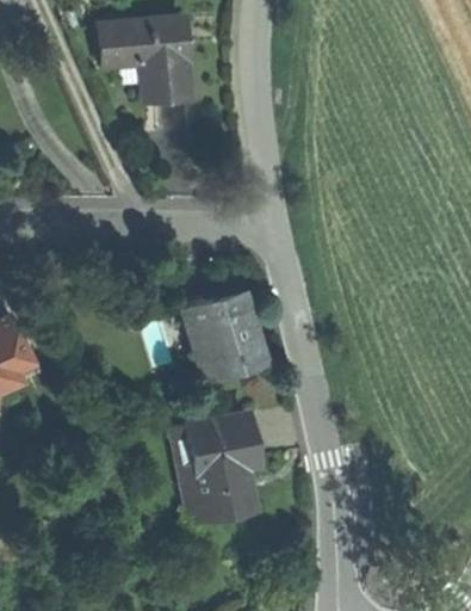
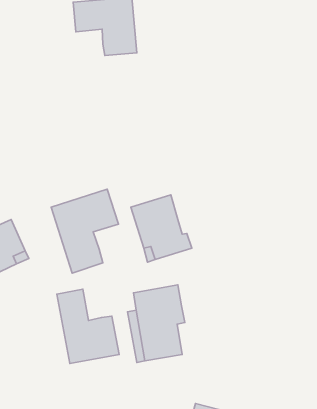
building: none -> [51,189,118,273]
building: none -> [57,289,119,364]

